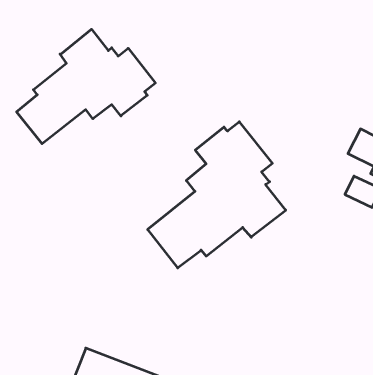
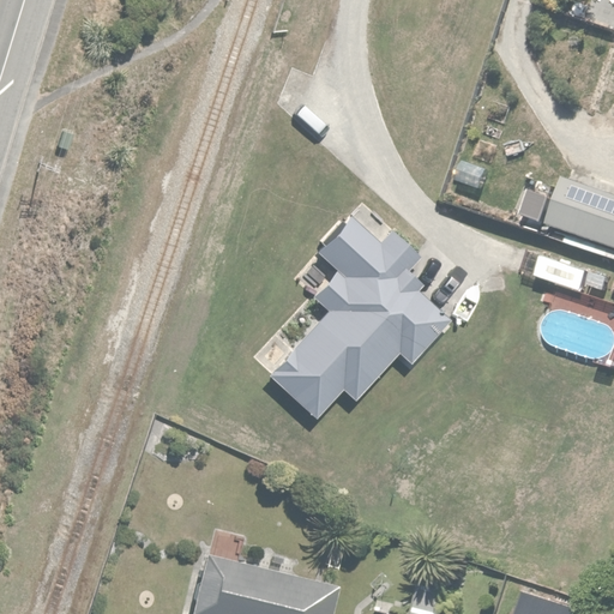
building: [17,29,155,144] -> none

